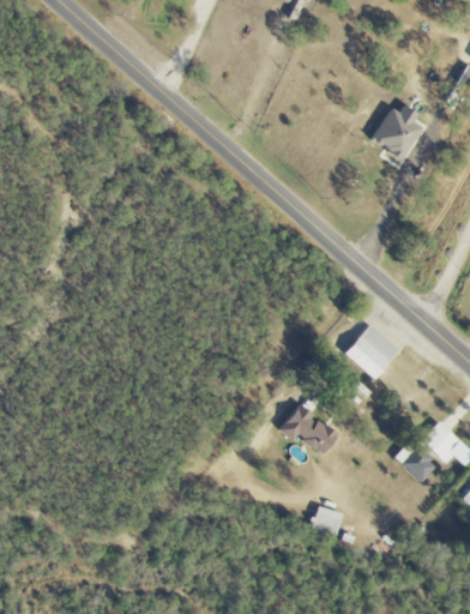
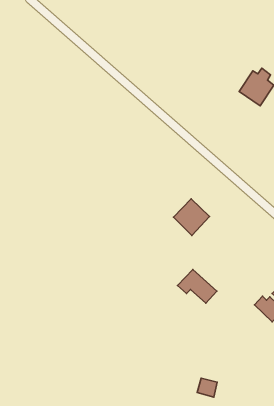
building: [345,324,399,379] -> [173,199,210,236]
building: [312,506,342,535] -> [197,378,217,397]

